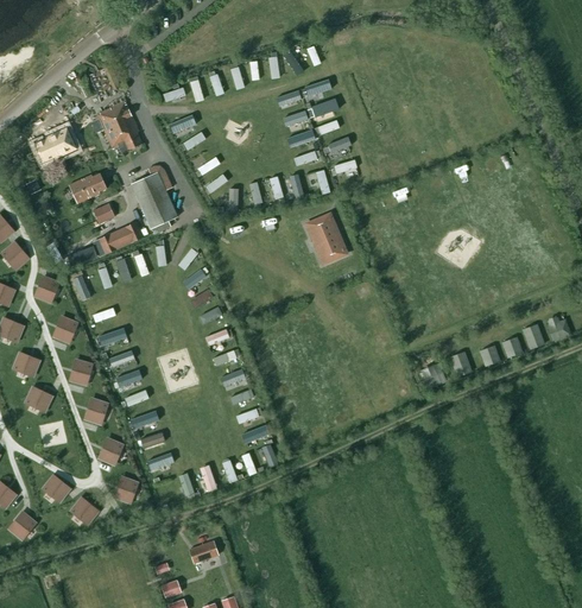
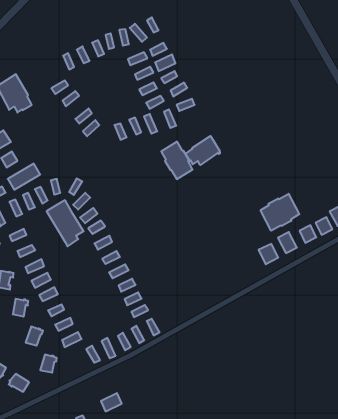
building: [131,172,177,234] -> [47,200,84,246]
building: none -> [185,136,220,165]
building: none -> [261,194,299,231]

